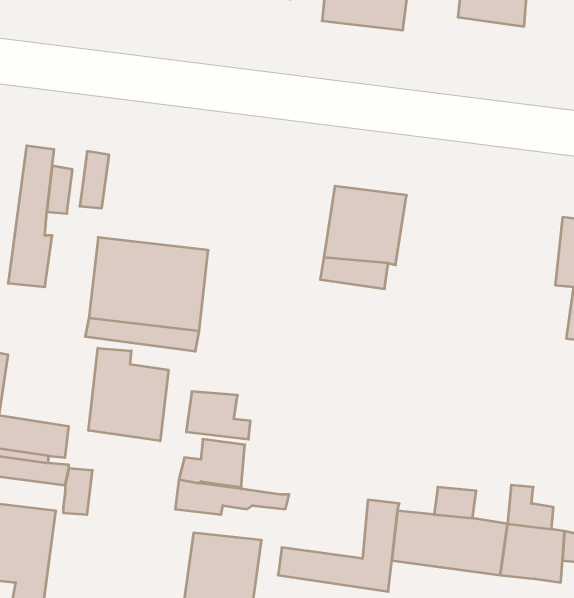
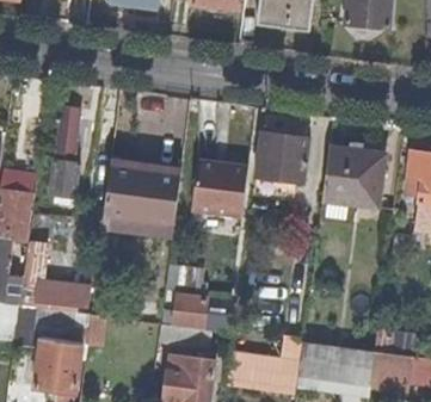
building: none -> [319,146,383,224]
building: none -> [191,160,247,217]
building: [89,348,168,441] -> none

